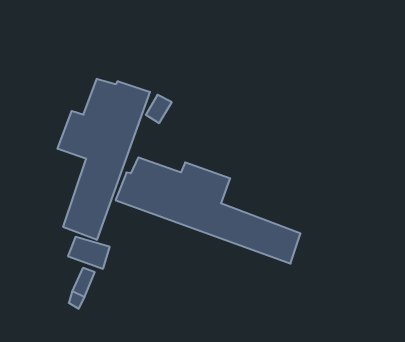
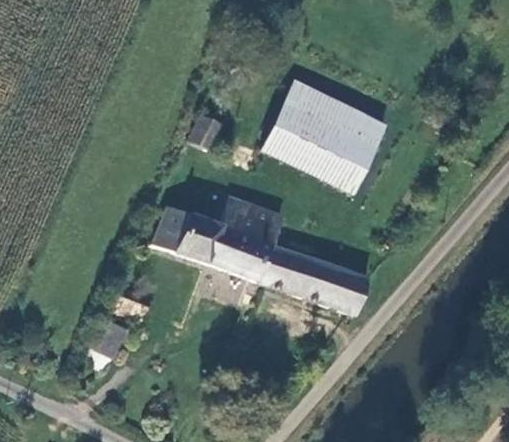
building: none -> [265,82,385,192]
building: [58,79,150,240] -> none

